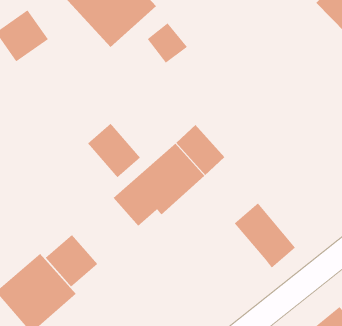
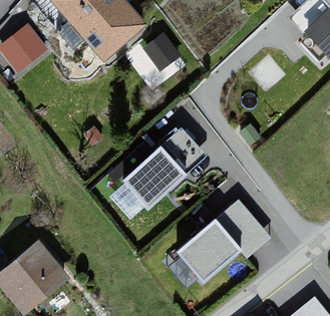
building: [87,123,141,178] -> none
building: none -> [166,219,246,291]
building: [45,234,98,288] -> none

